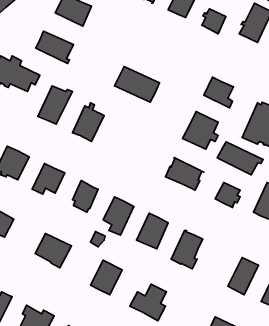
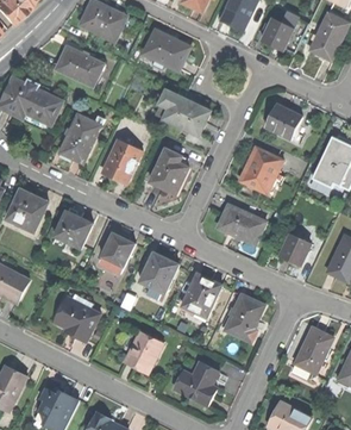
building: none -> [142,29,189,71]
building: none -> [149,149,188,194]
building: [217,142,263,175] -> none

